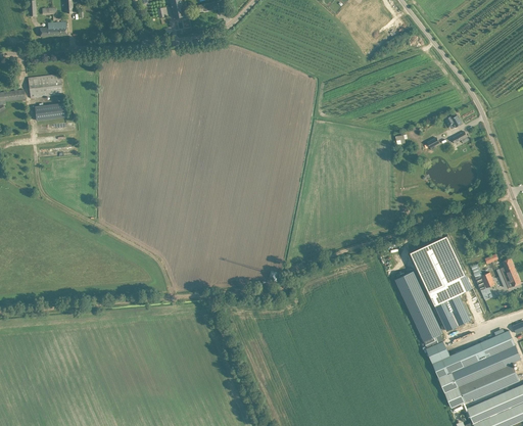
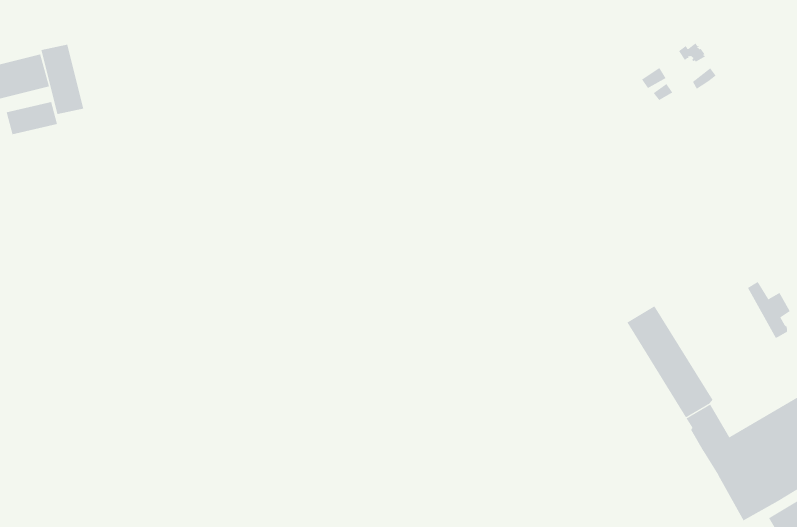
building: none -> [41,44,84,115]
building: [410,235,472,330] -> none

